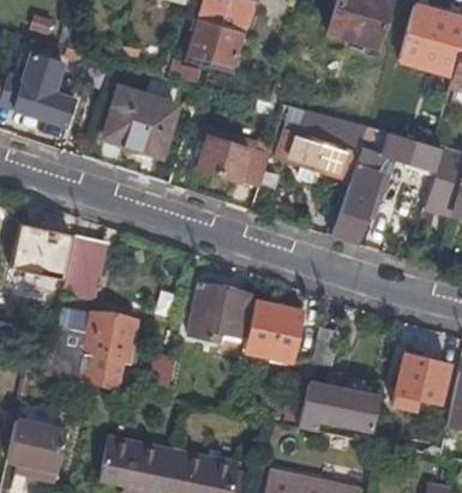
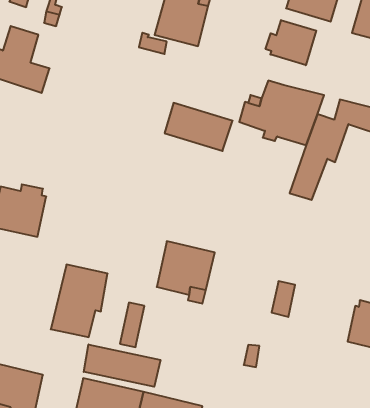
building: none -> [266,20,316,65]
building: [106,89,179,156] -> none
building: [64,235,107,300] -> none
building: [245,302,305,361] -> none
building: [300,385,379,431] -> none
building: none -> [84,344,160,387]

